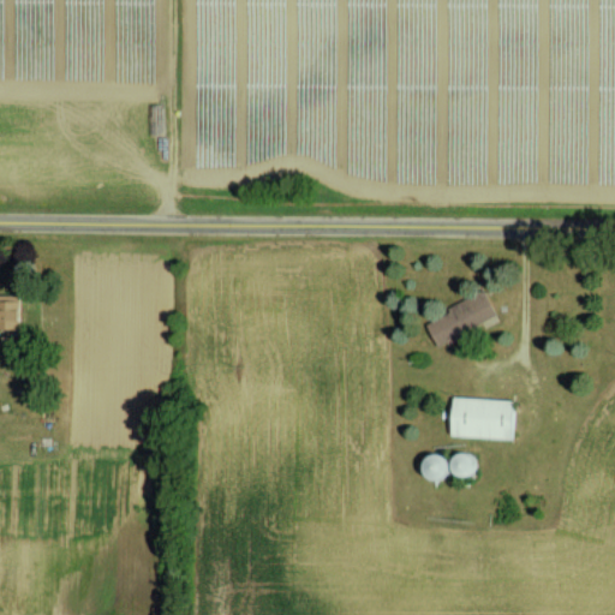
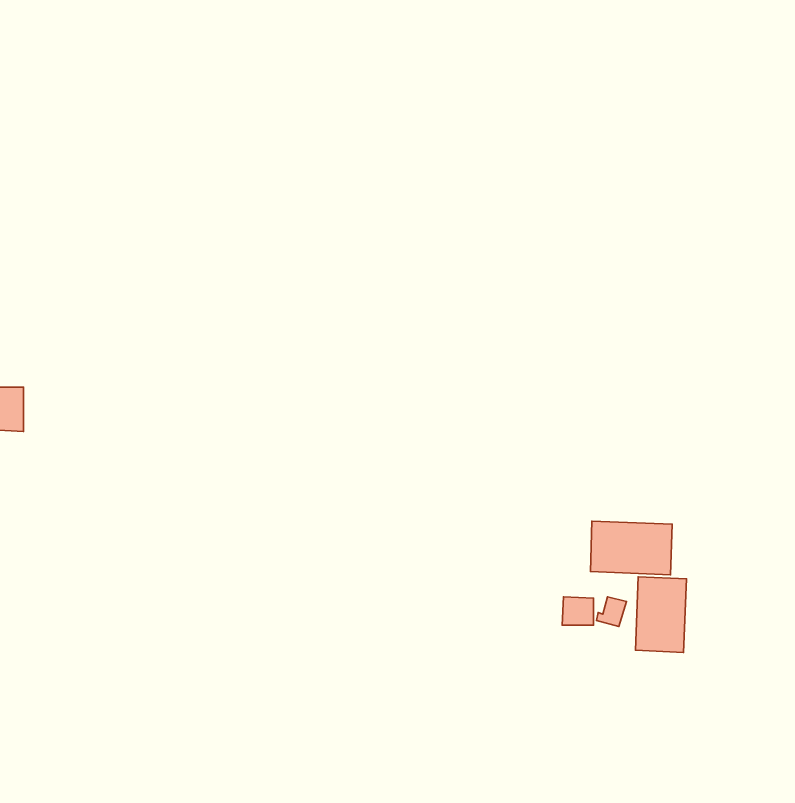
building: [423,293,495,347] -> none
building: none -> [635,577,686,653]

